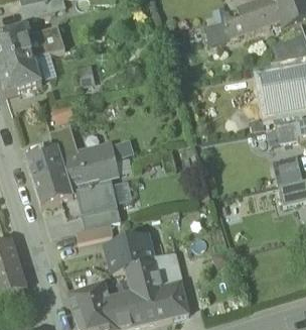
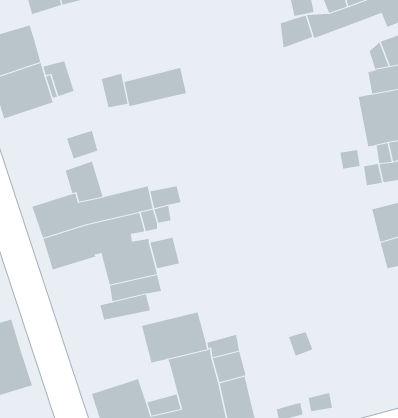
building: [27,25,64,56] -> none
building: none -> [124,67,187,107]

